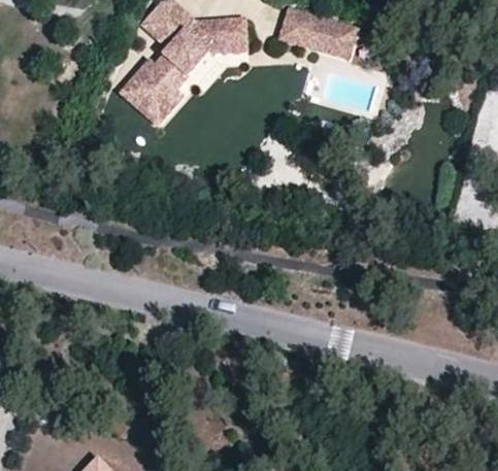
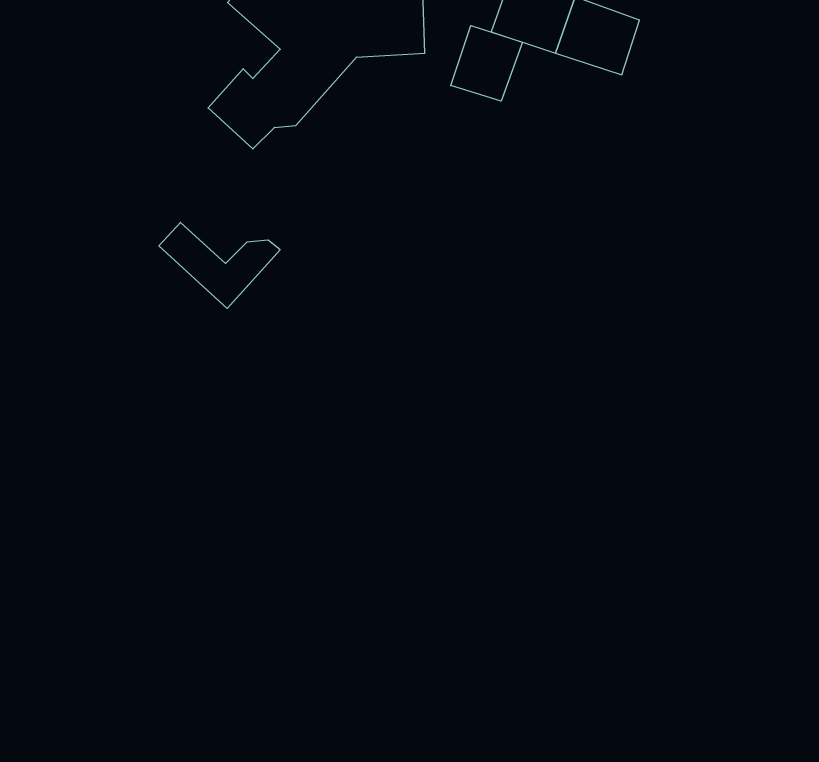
building: none -> [451,26,523,101]
building: [120,78,184,124] -> [159,222,280,308]

